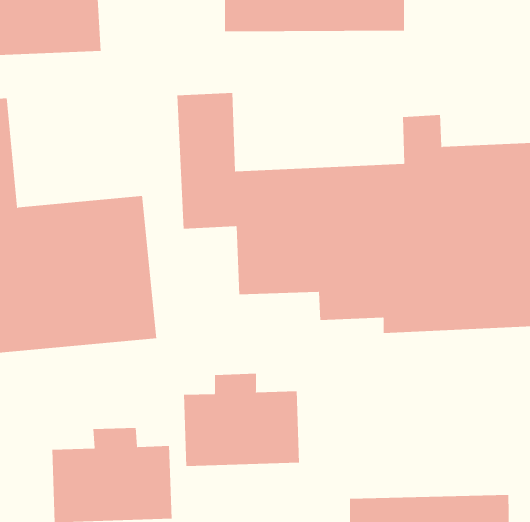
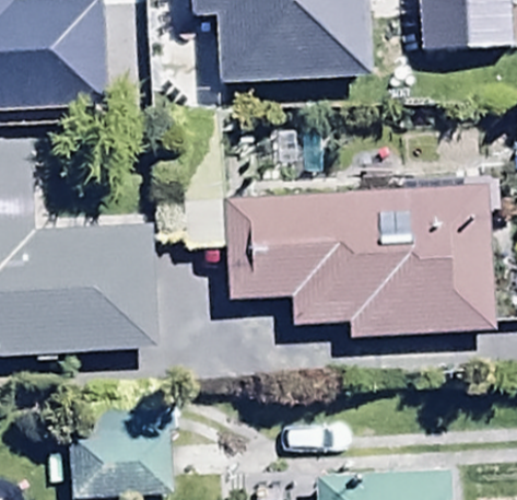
building: [184,373,299,467] -> none

